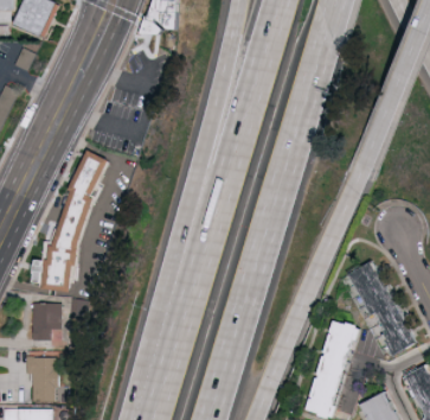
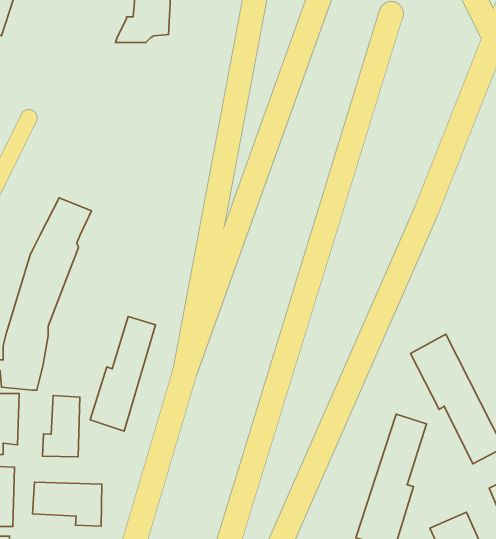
building: none -> [90,317,155,431]
building: none -> [42,396,80,457]
building: none -> [32,482,102,526]

